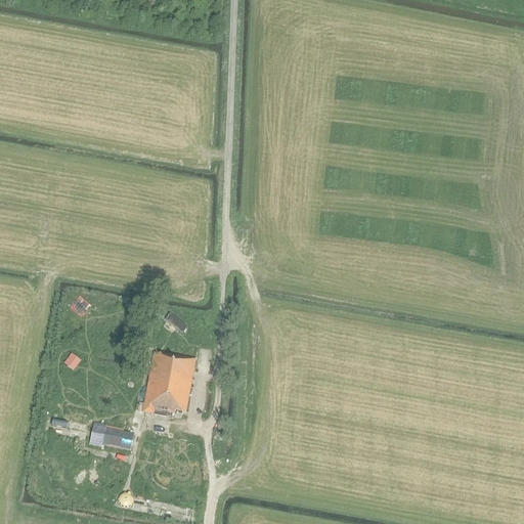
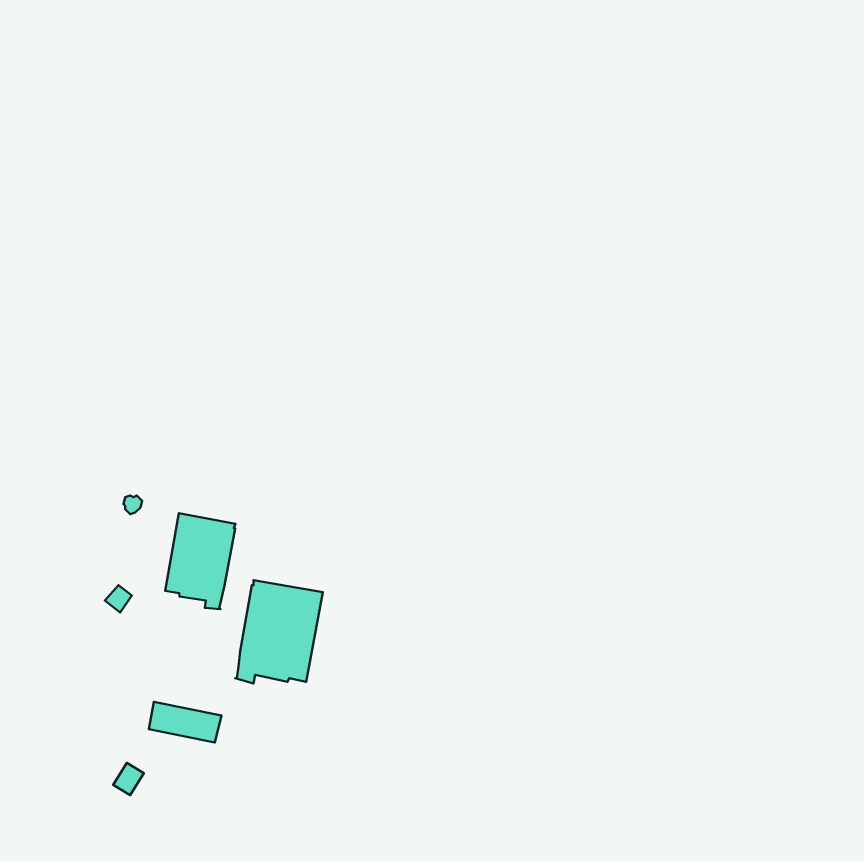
building: none -> [165,513,235,609]

